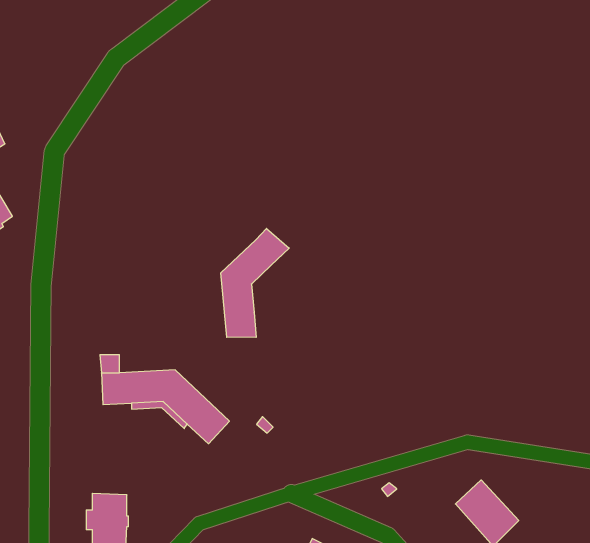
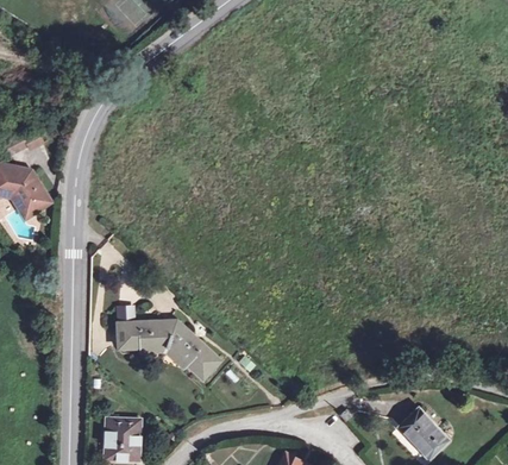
building: [221,228,289,337] -> none

